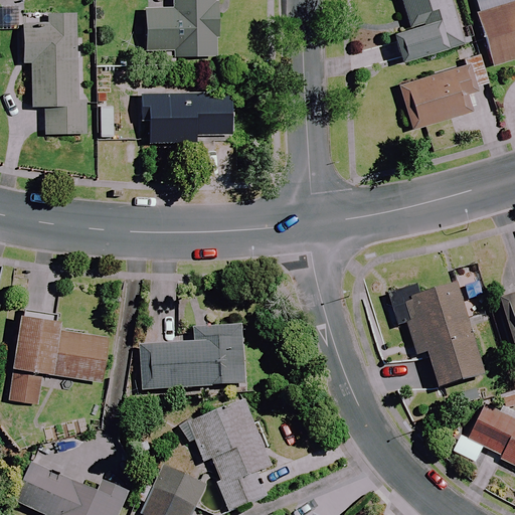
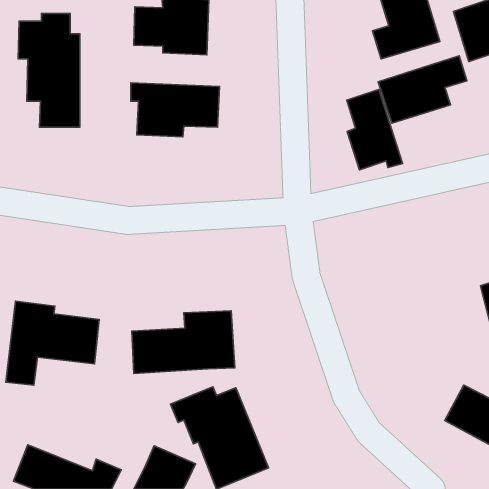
building: none -> [347,90,402,170]
building: [398,286,485,390] -> none

